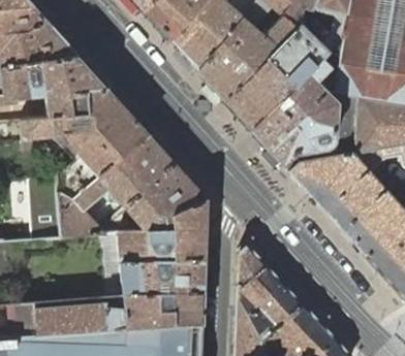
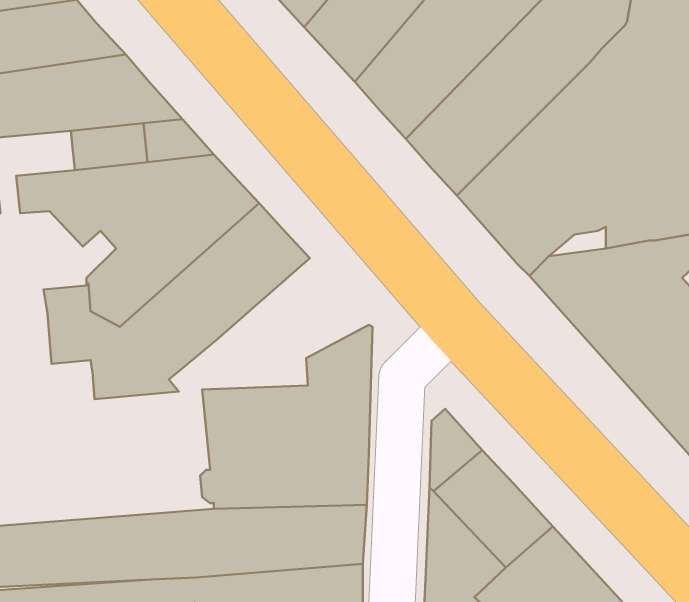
building: [99,161,205,231] -> none

